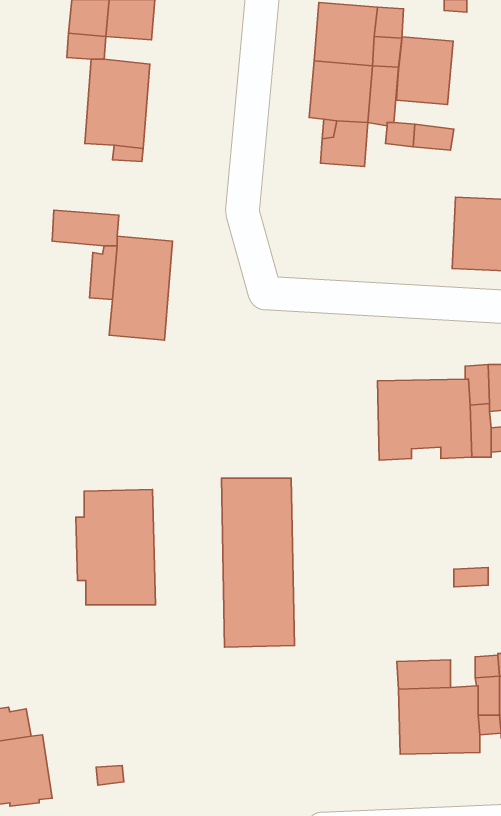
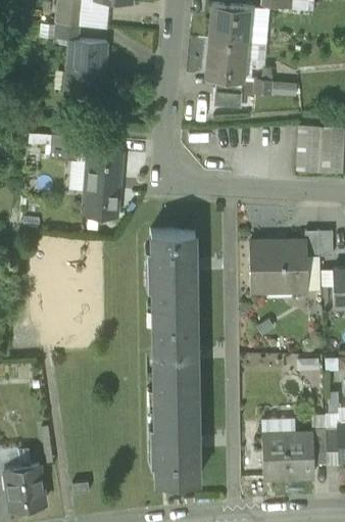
building: [397,37,453,104] -> none
building: [76,489,156,605] -> [146,230,196,302]
building: none -> [149,408,199,480]

